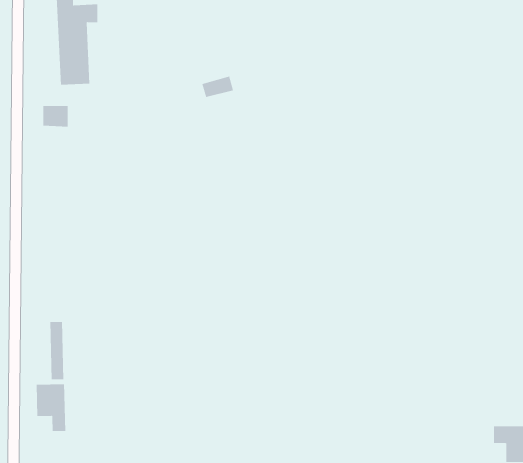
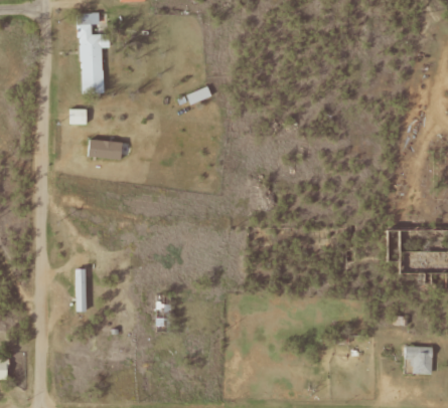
building: none -> [87,138,123,160]
building: [36,384,66,432] -> none

